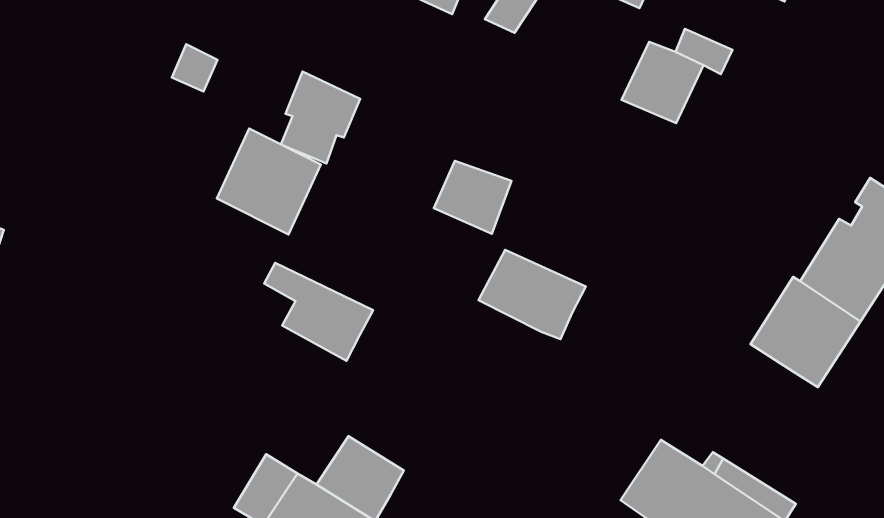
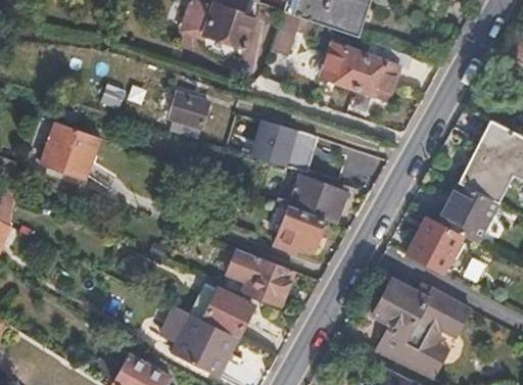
building: none -> [321,44,365,89]
building: [217,128,321,235] -> [39,119,95,177]
building: none -> [249,123,314,177]
building: [264,263,373,361] -> [230,250,292,301]
building: none -> [270,208,320,253]
building: none -> [408,213,463,271]

